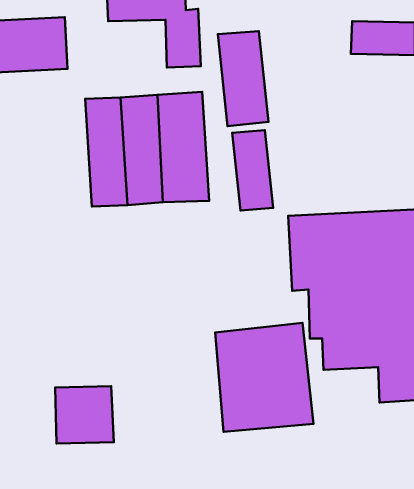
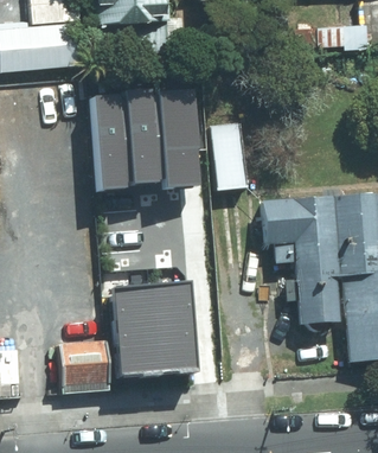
building: [218,31,269,126] -> none
building: [215,323,313,432] -> [109,277,194,372]

